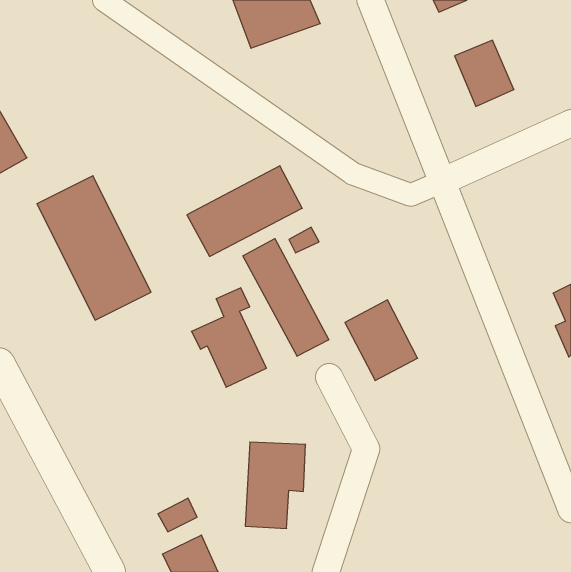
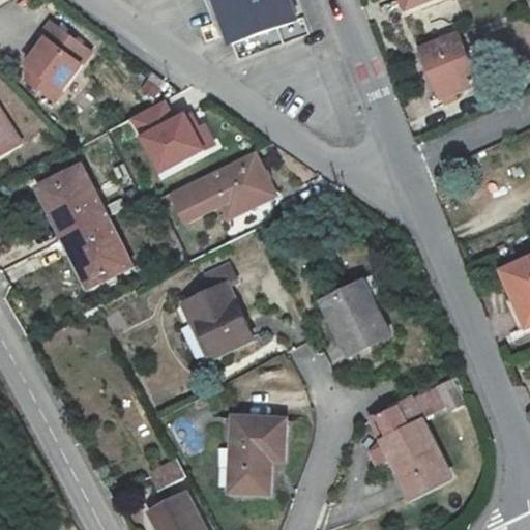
building: none -> [14,19,98,102]
building: none -> [128,104,216,173]
building: [243,239,329,356] -> none
building: none -> [371,374,457,489]

